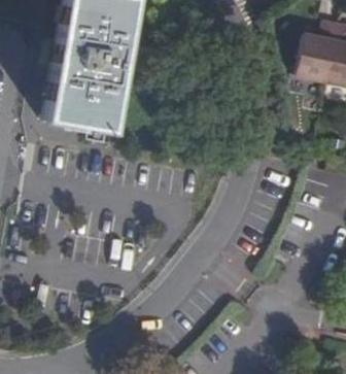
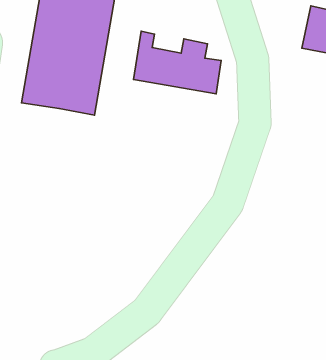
building: none -> [133,31,221,94]

